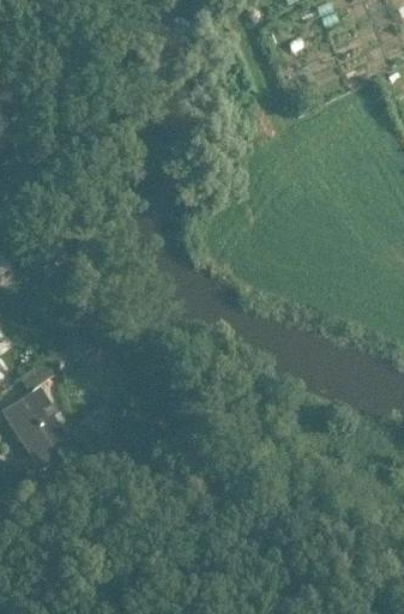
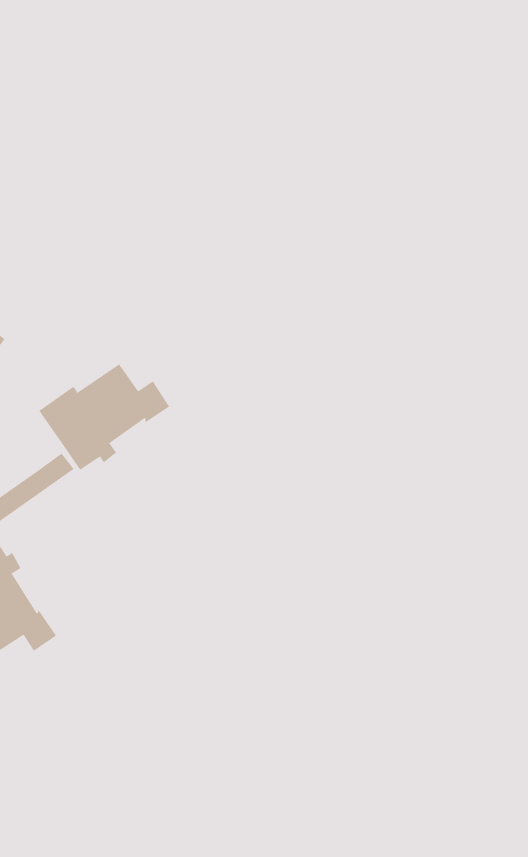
building: none -> [39,363,170,470]

